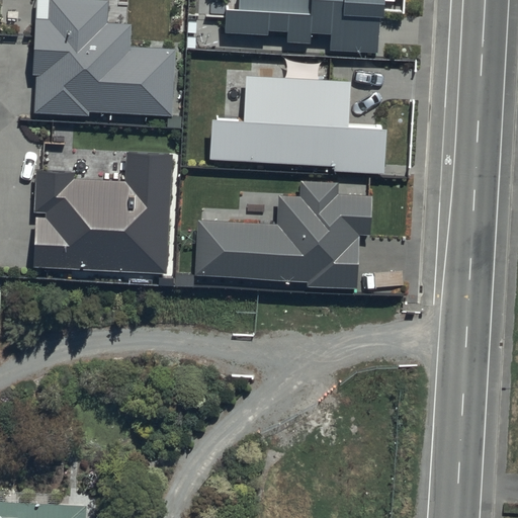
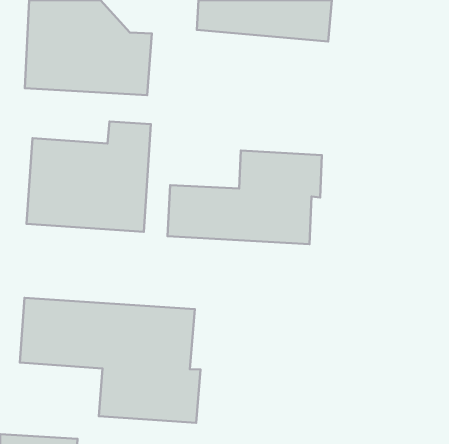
building: [207,73,386,171] -> none
building: none -> [20,298,200,423]

